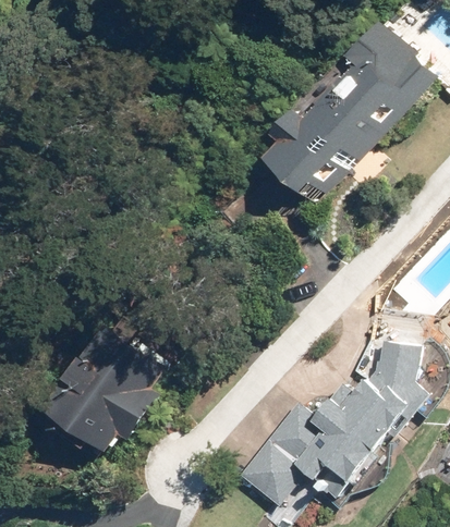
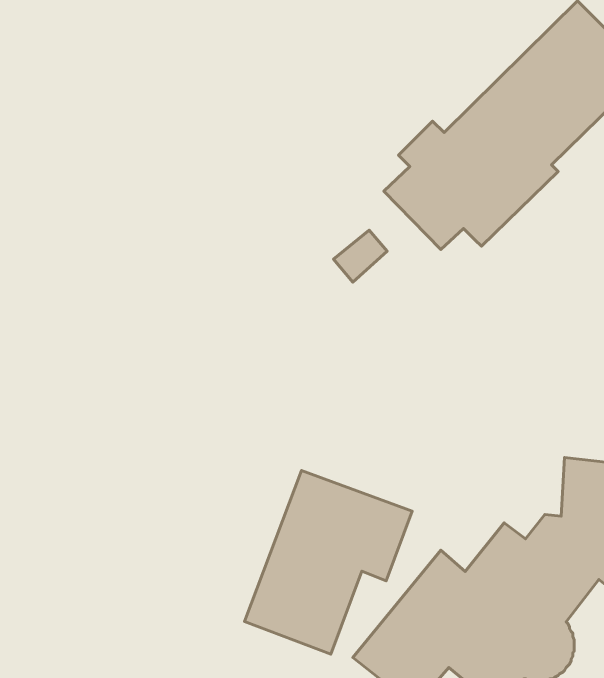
building: [49,329,161,452] -> [245,470,412,654]

